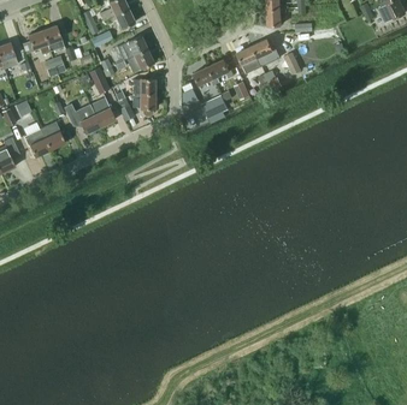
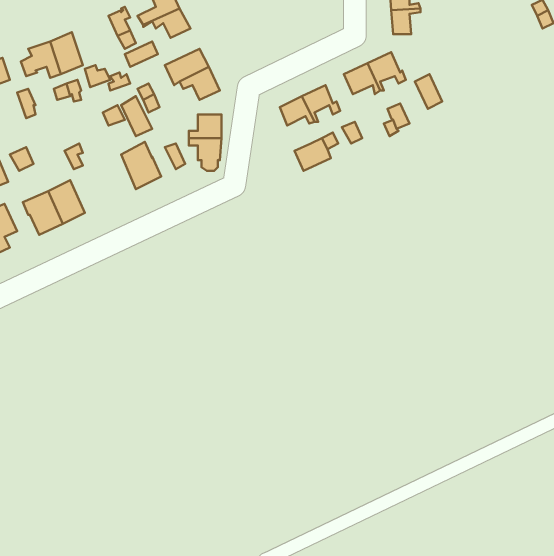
building: [64,105,99,135] -> none

